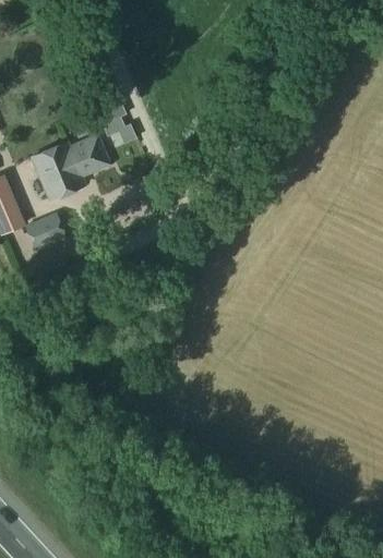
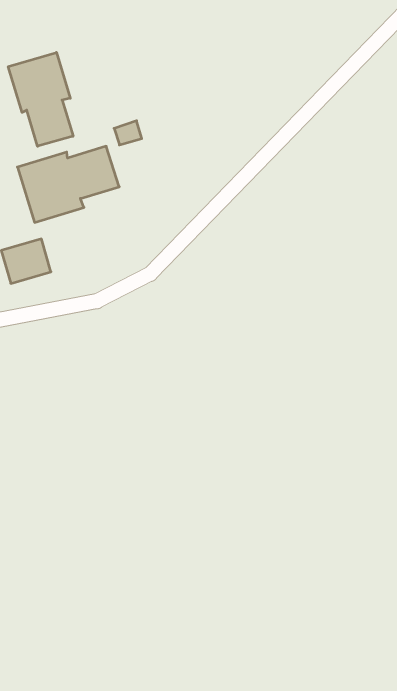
building: none -> [8,52,73,146]

